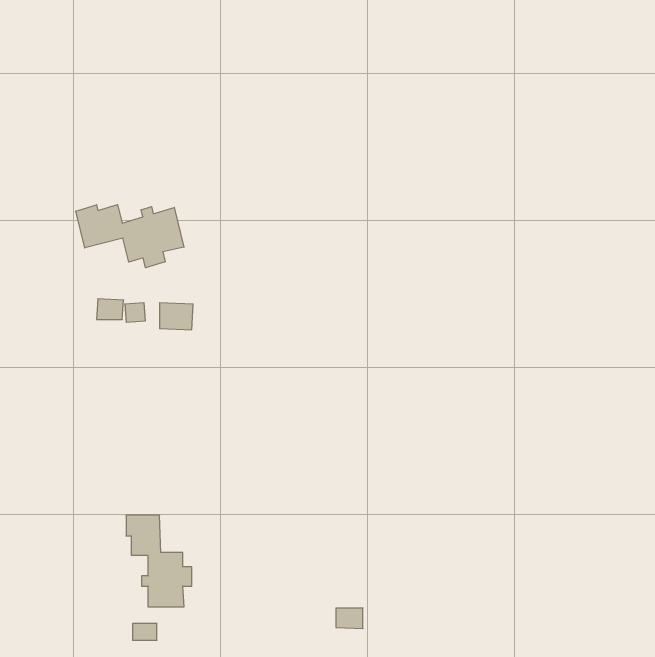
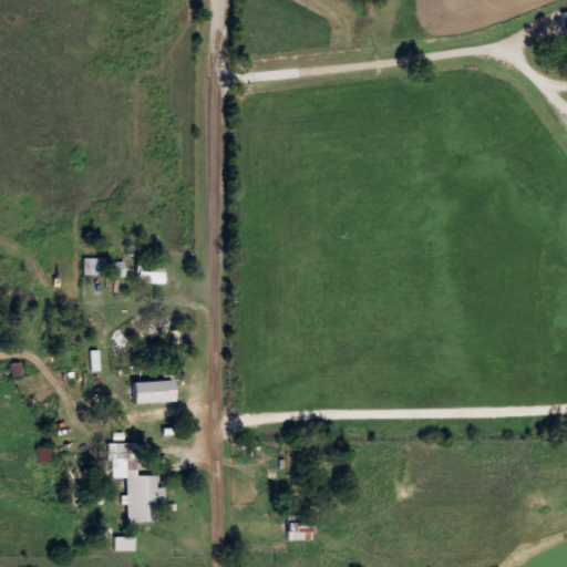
building: [76,205,184,268] -> none
building: none -> [135,380,176,403]

